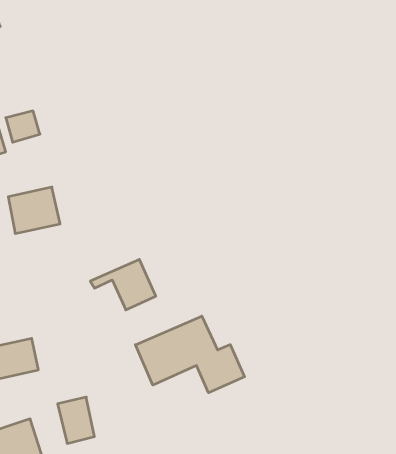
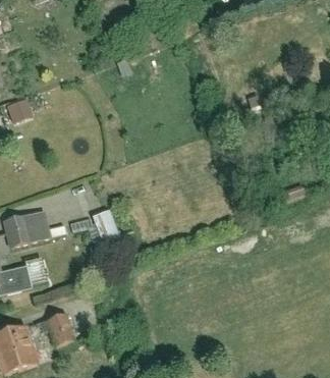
building: [8,187,60,233] -> [12,207,51,241]
building: [135,316,245,393] -> none

